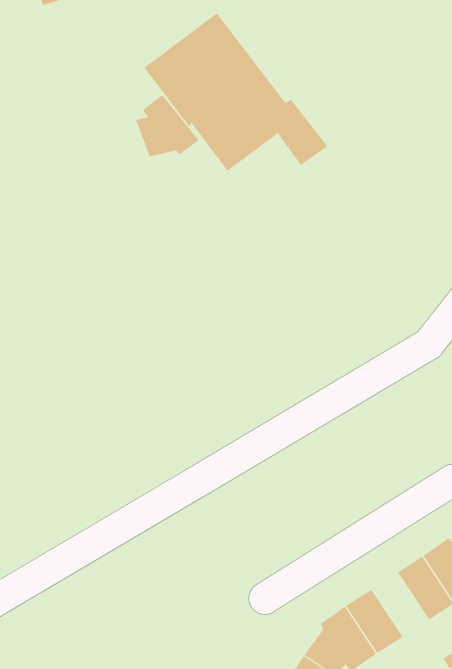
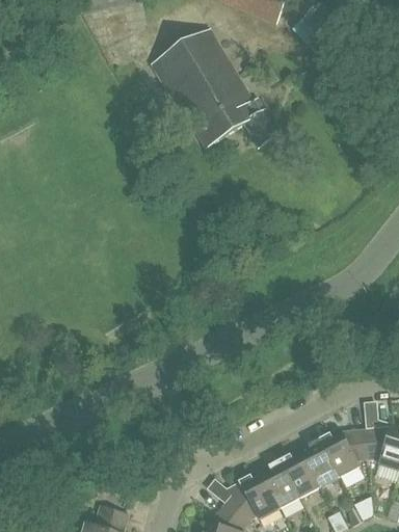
building: [135,94,200,157] -> none
building: none -> [281,449,320,497]

